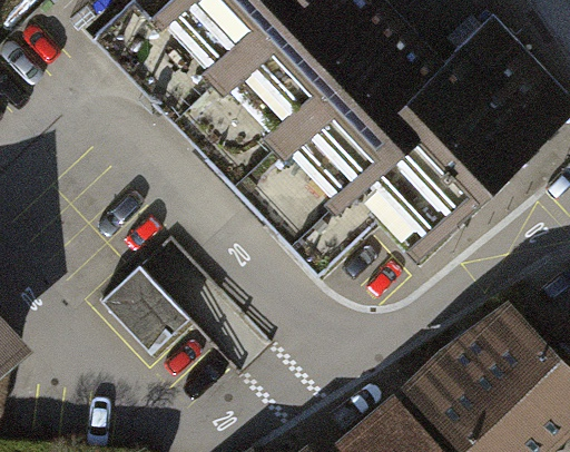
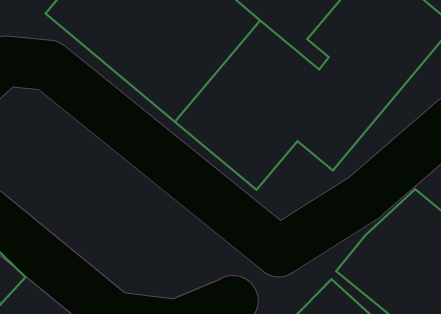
building: [101,263,194,355] -> none

